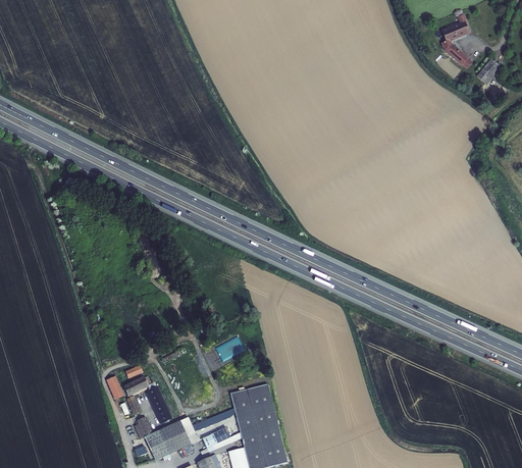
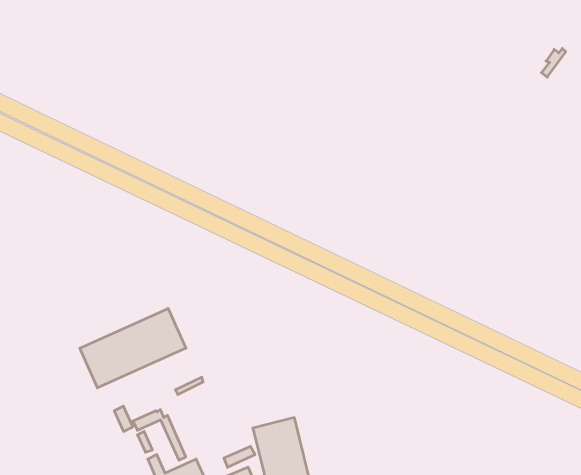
building: [445,21,471,64] -> none
building: none -> [80,308,186,388]

